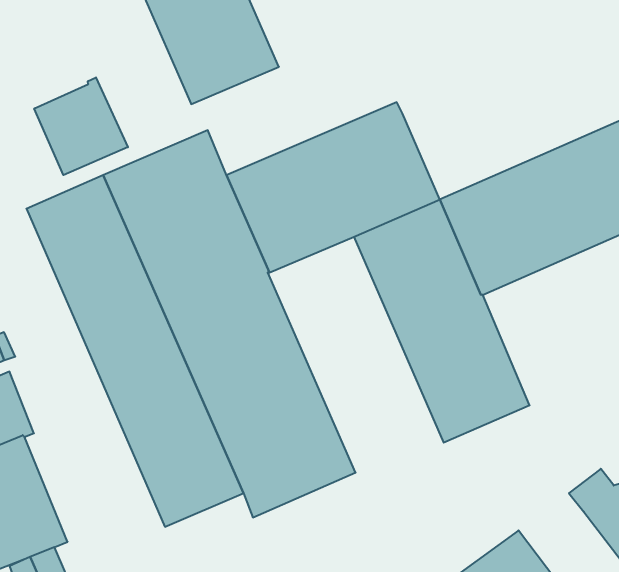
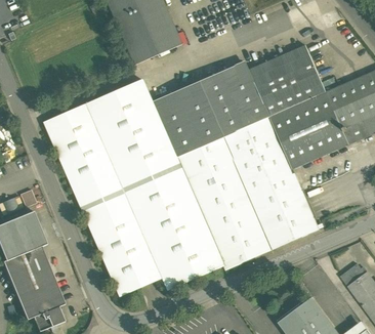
building: none -> [249,44,326,116]
building: [34,77,128,175] -> none
building: none -> [175,136,272,269]

